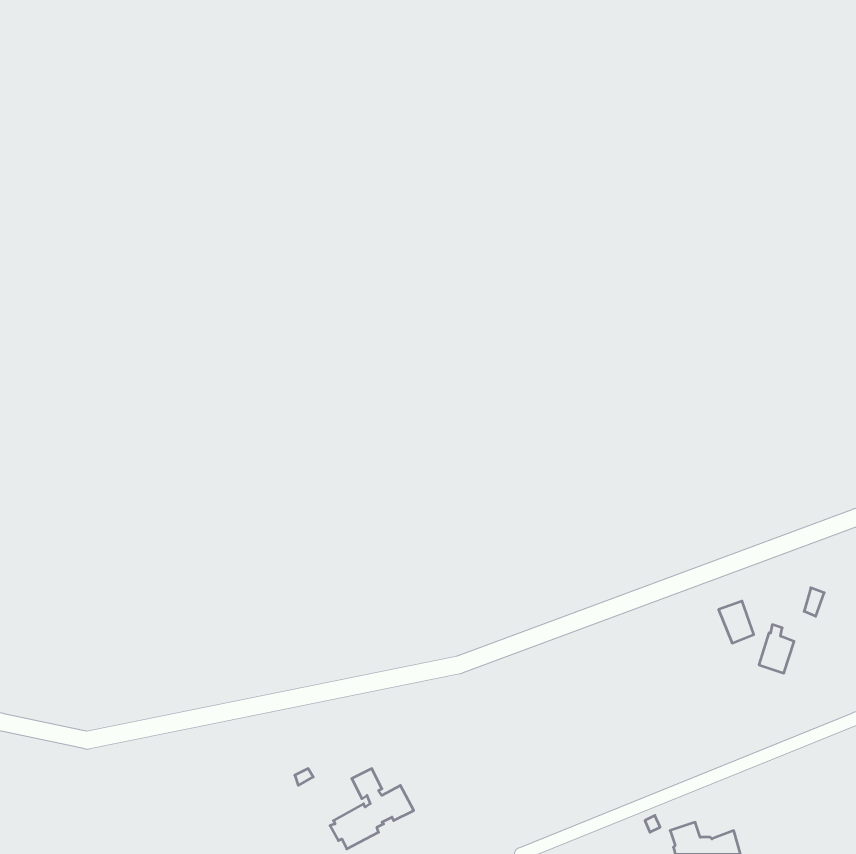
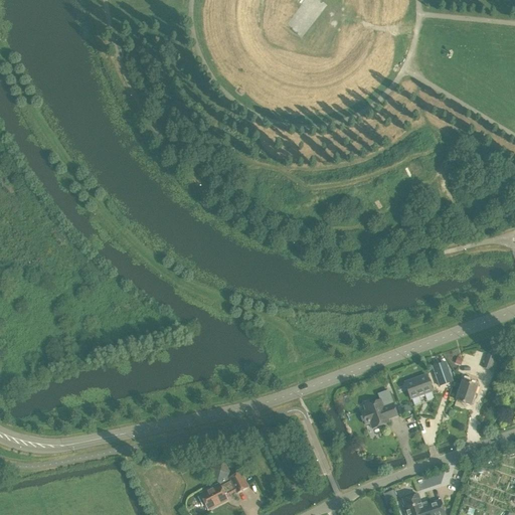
building: none -> [405,373,432,397]
building: none -> [361,398,397,426]

